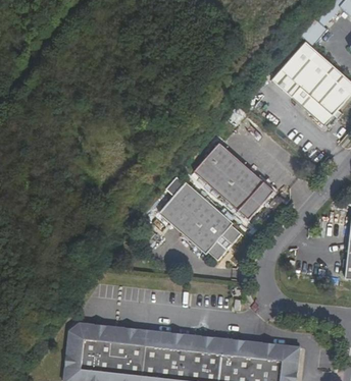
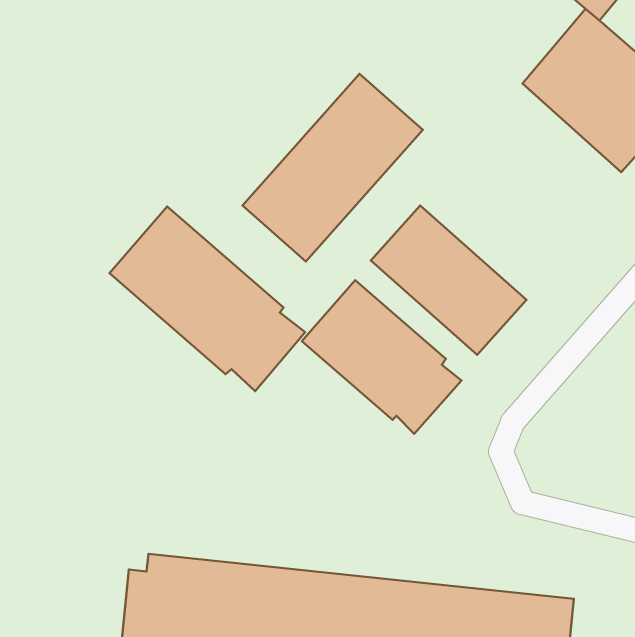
building: none -> [242,74,423,261]
building: none -> [109,207,305,391]

